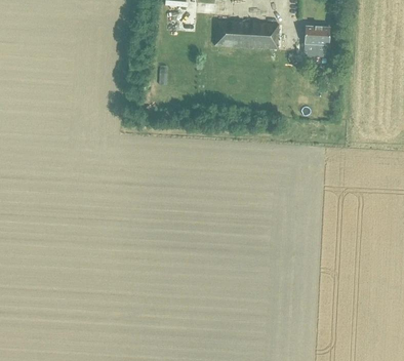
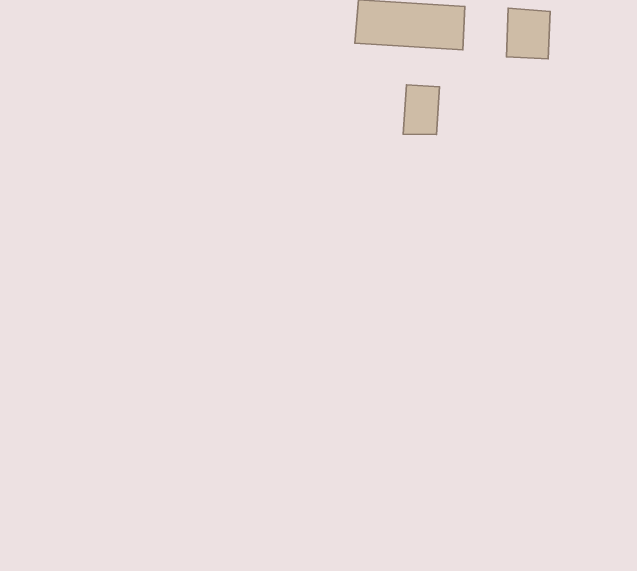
building: none -> [403,85,440,134]

